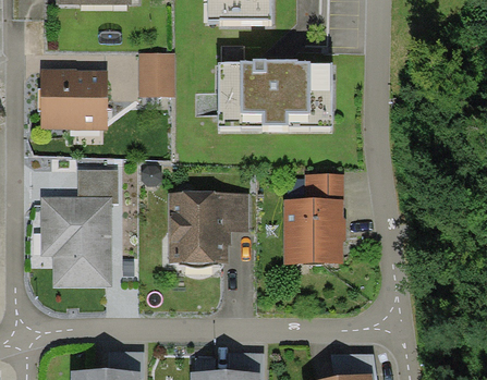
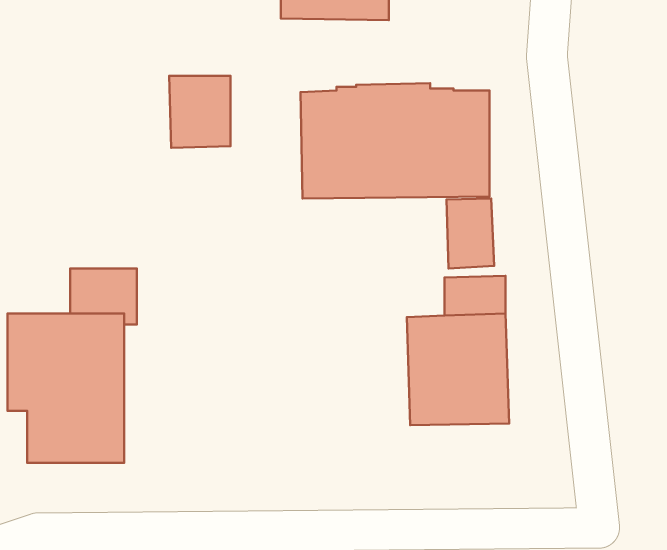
building: [40,70,107,130] -> none
building: none -> [446,199,494,269]
building: [168,194,248,268] -> none

